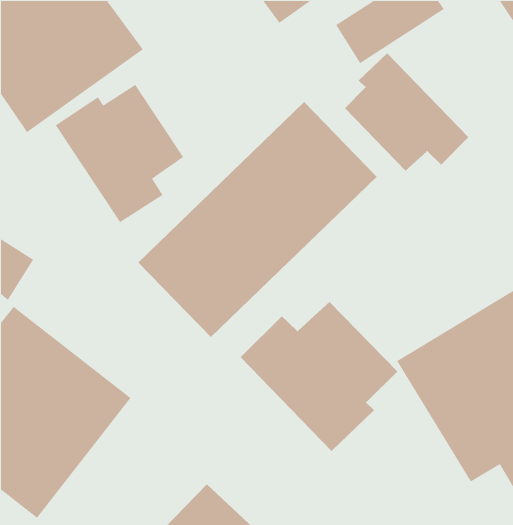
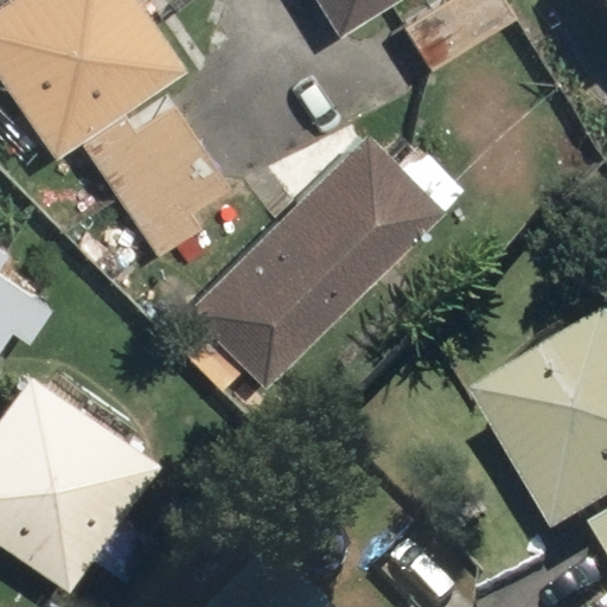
building: [344,52,469,171] -> none
building: [240,301,398,452] -> none

